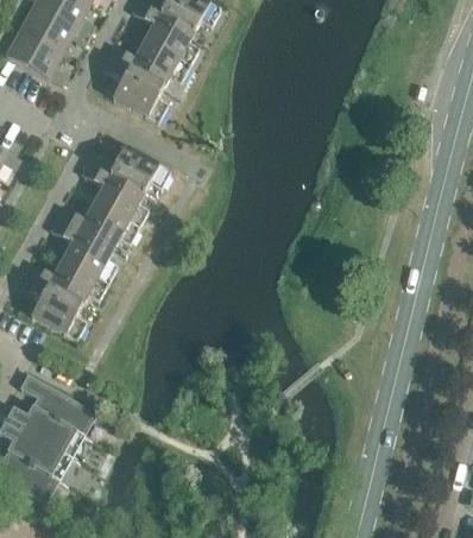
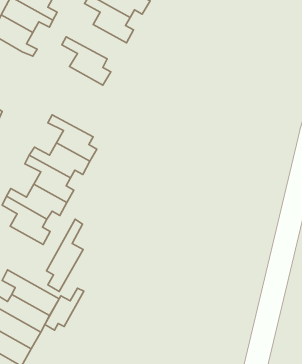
building: [107,42,189,88] -> none
building: [88,146,170,194] -> none
building: none -> [47,219,83,292]
building: none -> [45,288,84,330]

